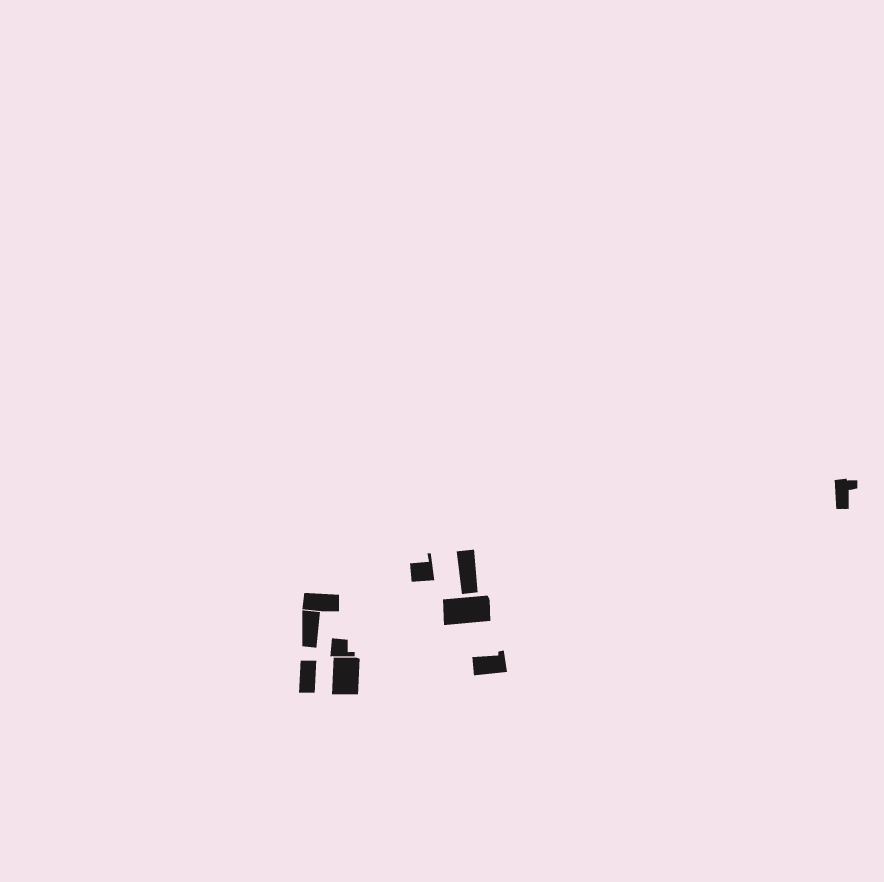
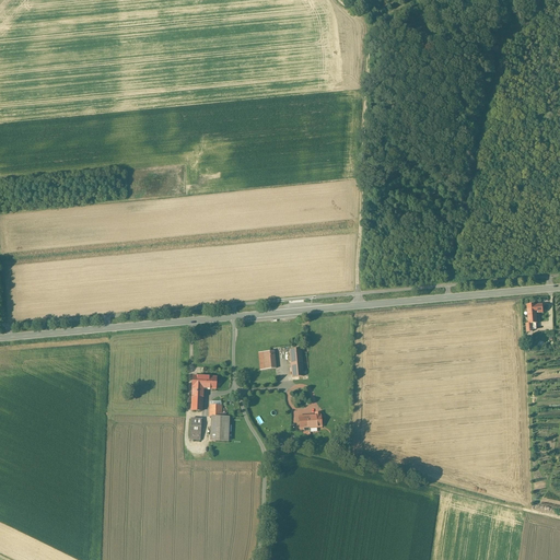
building: [443,595,491,626] -> none

